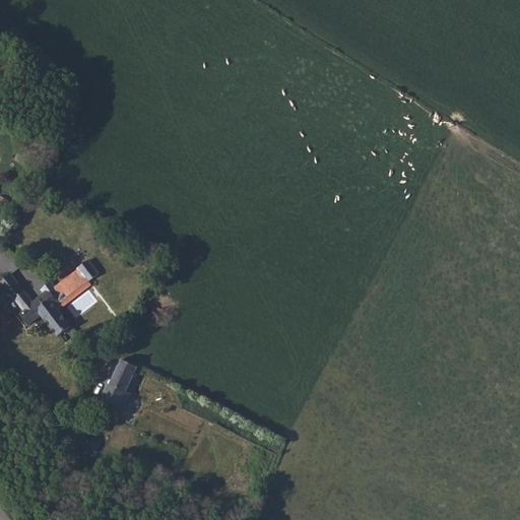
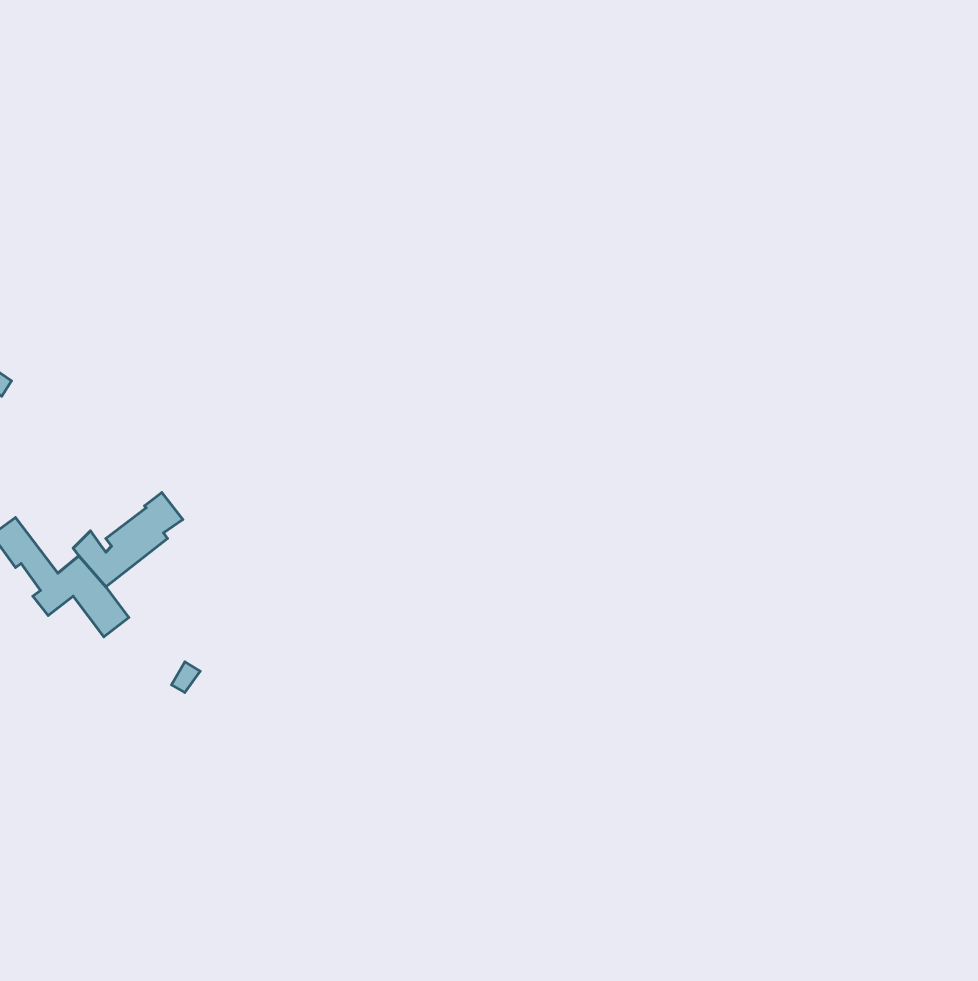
building: [100,361,135,411] -> none

